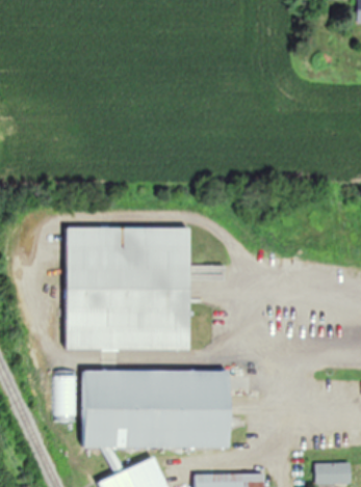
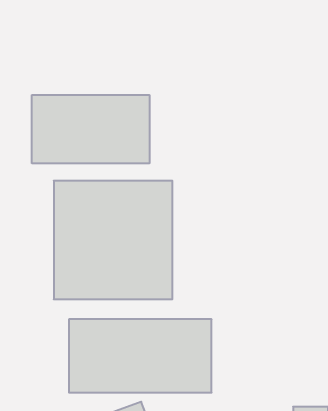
building: none -> [32,95,149,163]

